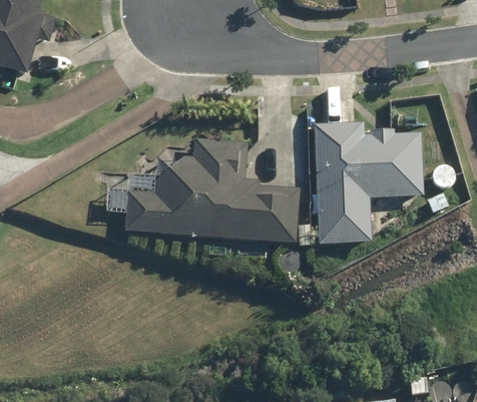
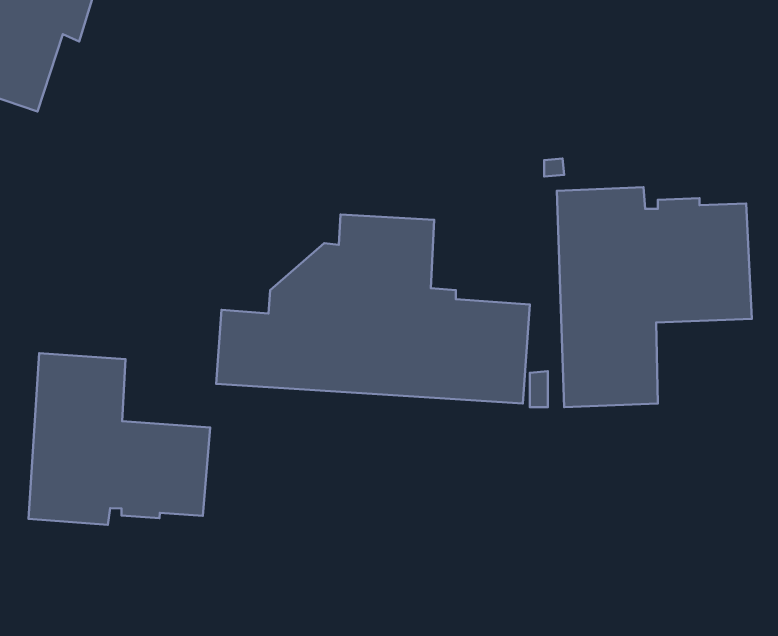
building: none -> [28,353,210,525]

